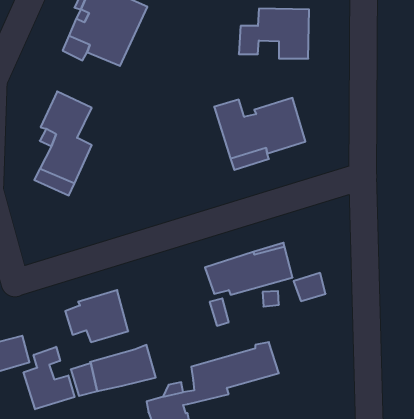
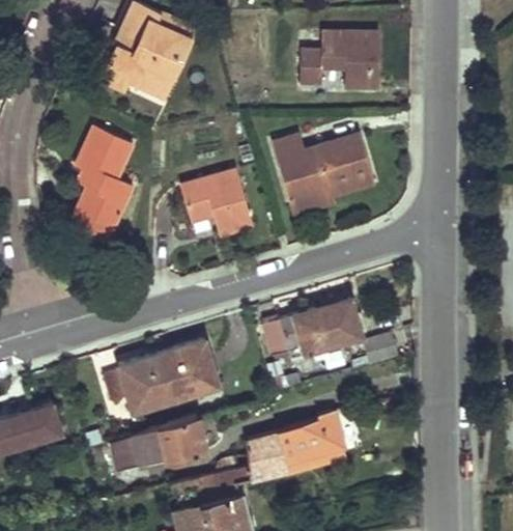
building: none -> [181,171,254,237]
building: none -> [162,340,219,399]
building: [24,347,75,409] -> none

